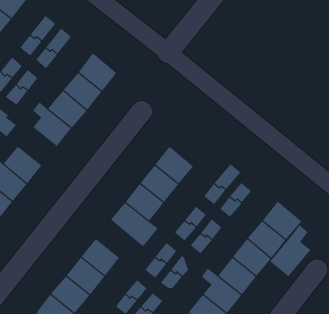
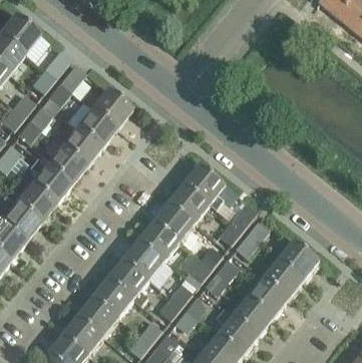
building: none -> [30,158,70,205]
building: none -> [185,165,226,211]
building: none -> [109,260,149,305]
building: [269,225,311,277] -> none

